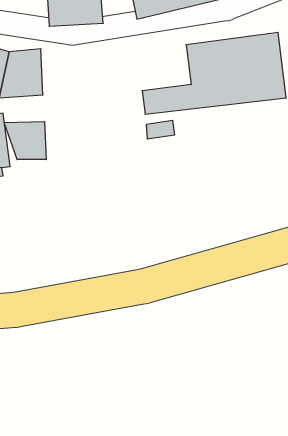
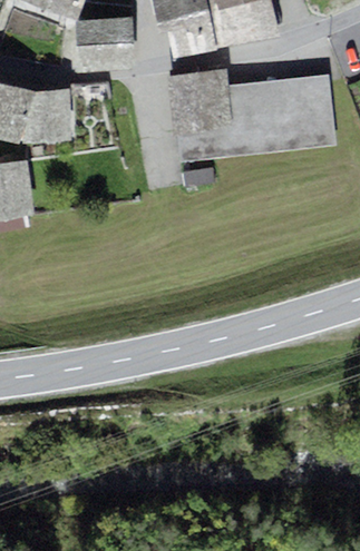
building: none -> [167,68,233,134]
building: [4,122,46,160] -> none

